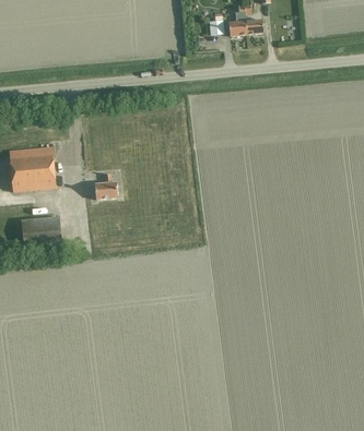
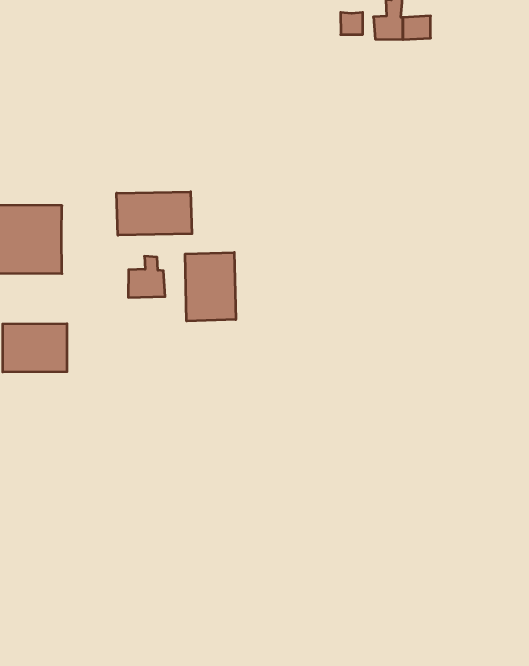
building: none -> [117,192,192,235]
building: none -> [185,252,236,321]

